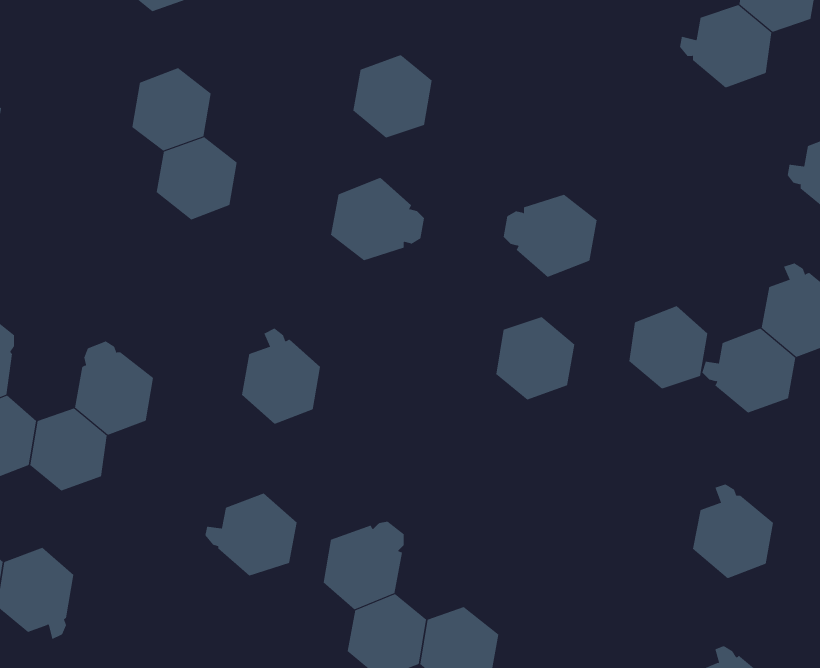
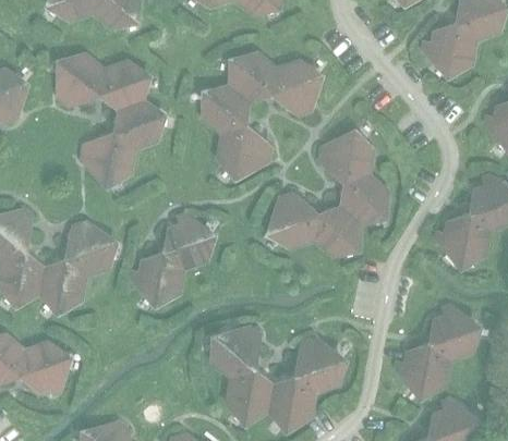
building: none -> [56,54,104,107]
building: none -> [271,60,317,117]
building: none -> [202,86,249,135]
building: none -> [80,134,134,183]
building: none -> [271,193,317,249]
building: [628,305,708,389] -> [340,174,387,223]
building: [205,493,297,576] -> [129,253,183,302]
building: none -> [294,338,342,393]
building: none -> [394,343,449,393]

